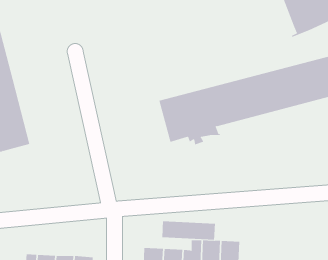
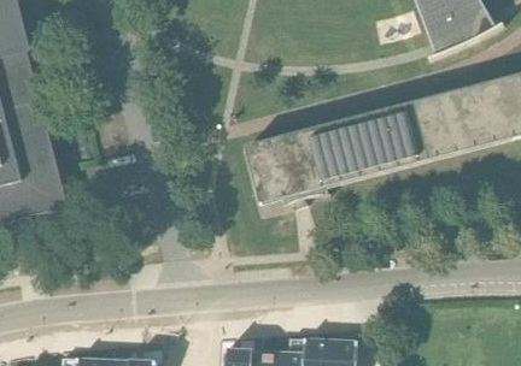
building: [162,221,215,240] -> none

